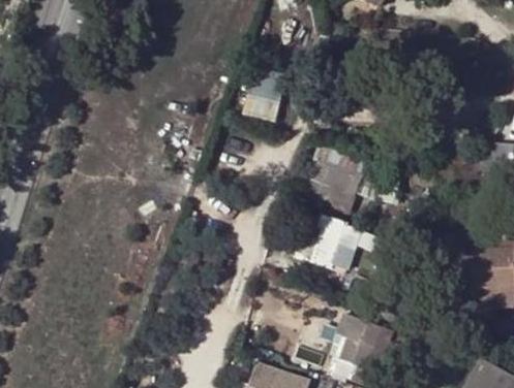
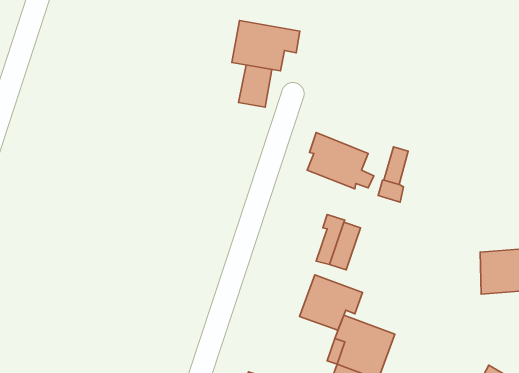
building: none -> [232,21,300,71]
building: [303,176,356,214] -> none
building: none -> [299,275,363,330]

